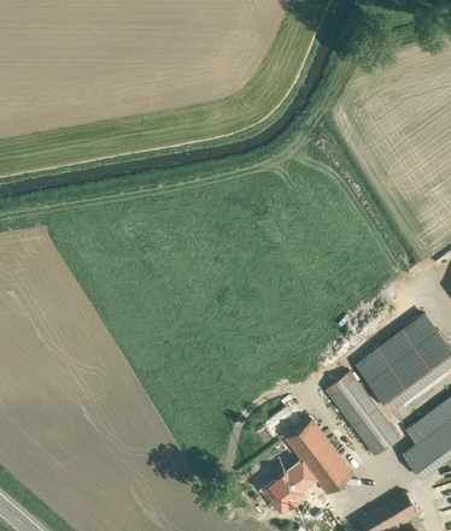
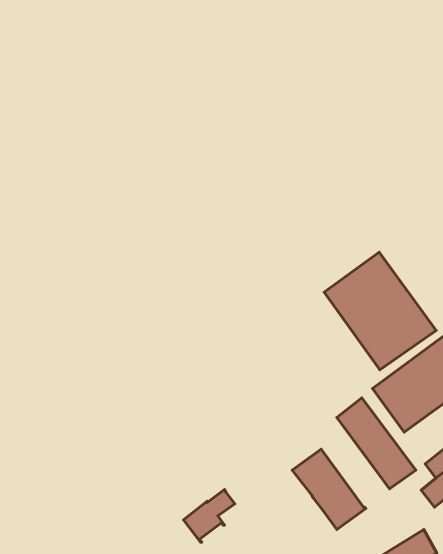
building: none -> [324,252,436,370]
building: [265,462,312,511] -> [184,489,235,542]

